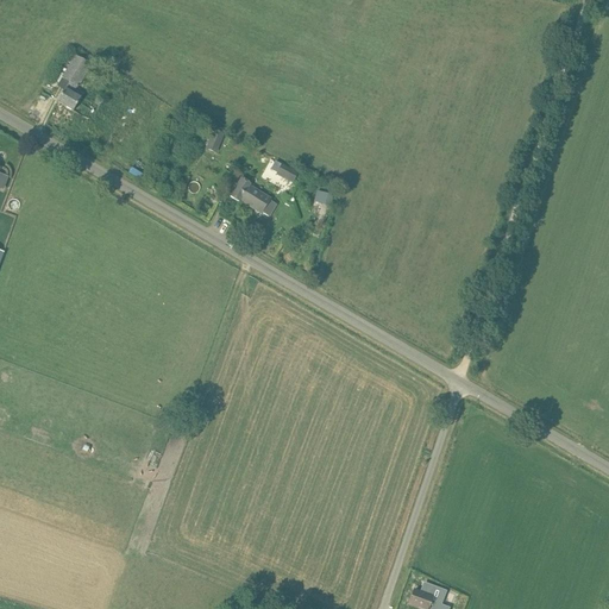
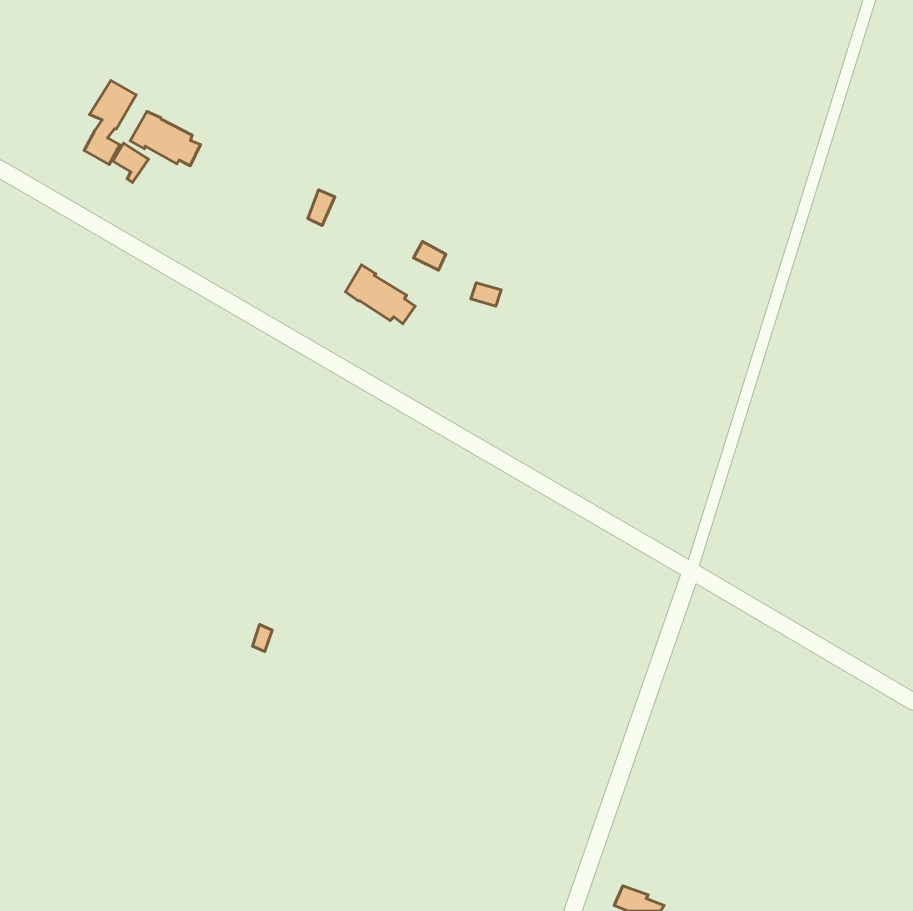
building: none -> [130,111,201,166]

